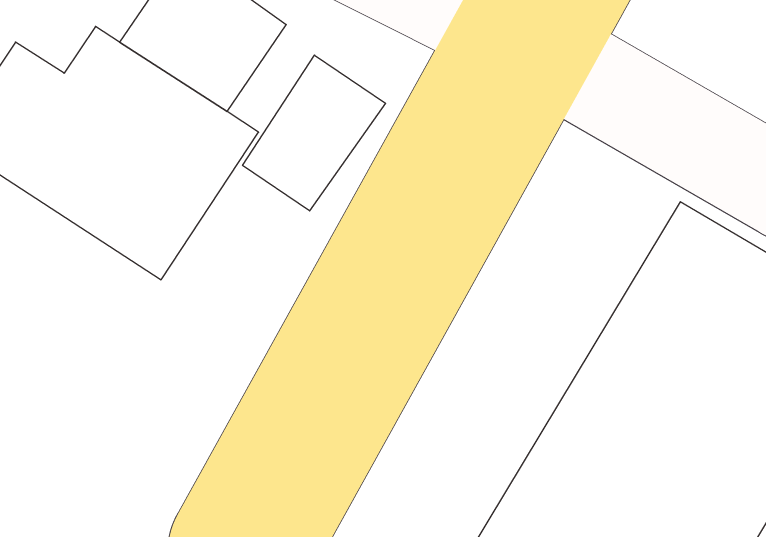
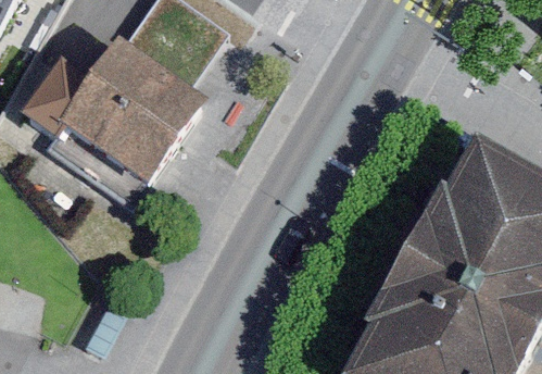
building: [243,55,386,211] -> none

